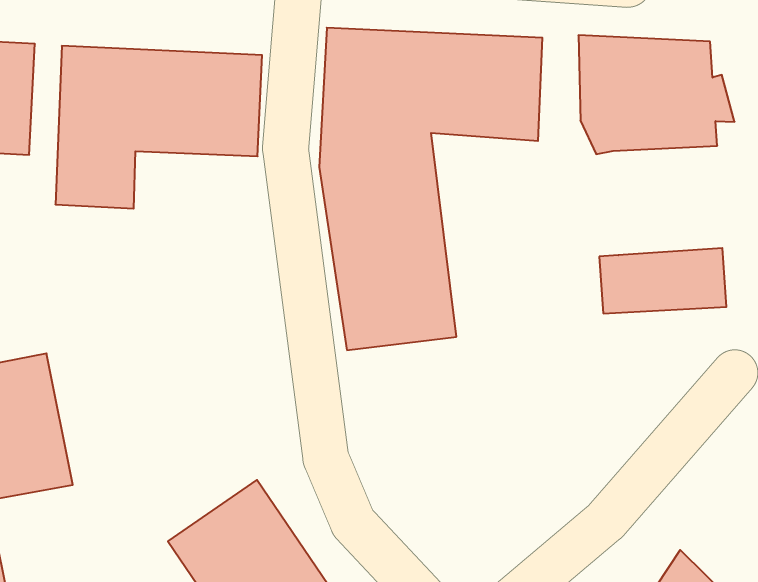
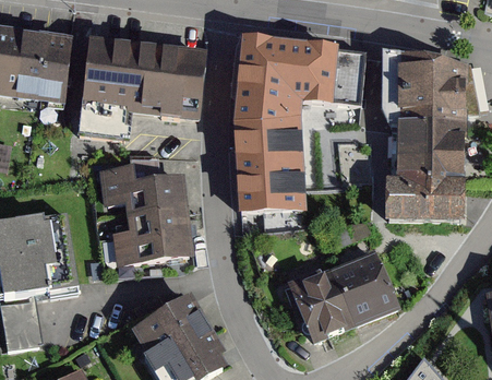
building: none -> [399,122,460,182]
building: none -> [101,174,194,265]
building: none -> [289,251,396,335]

